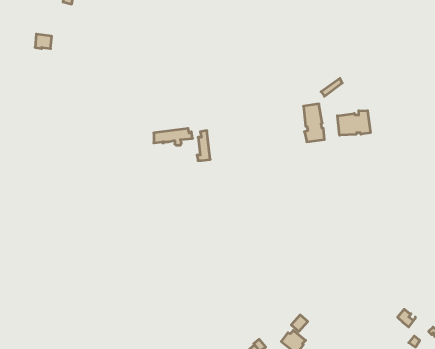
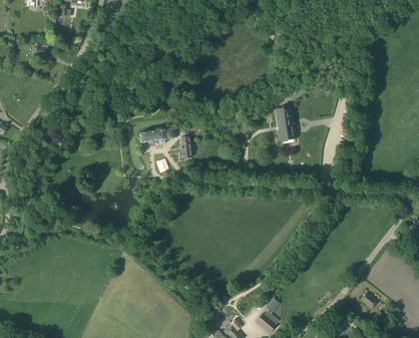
building: [337,111,370,135] -> none

